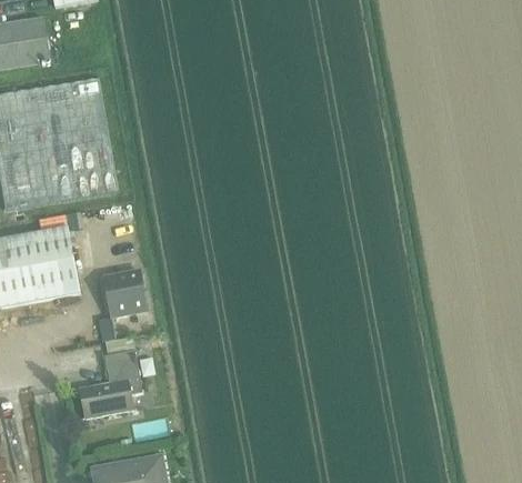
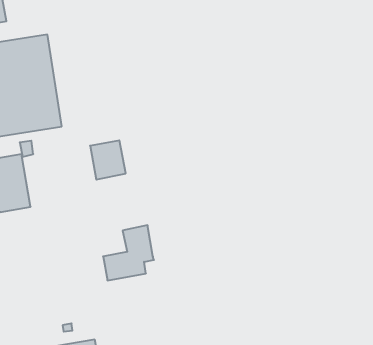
building: [102,270,147,319] -> [90,140,126,180]
building: [79,349,142,417] -> [103,225,154,280]

